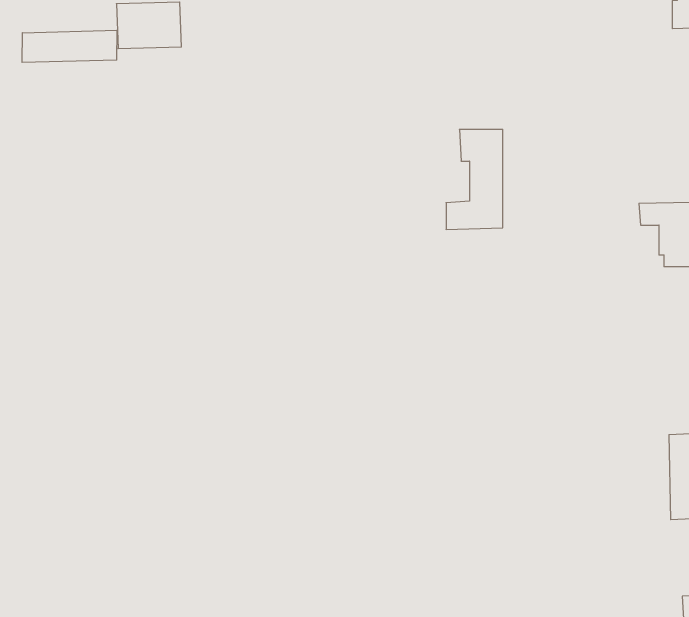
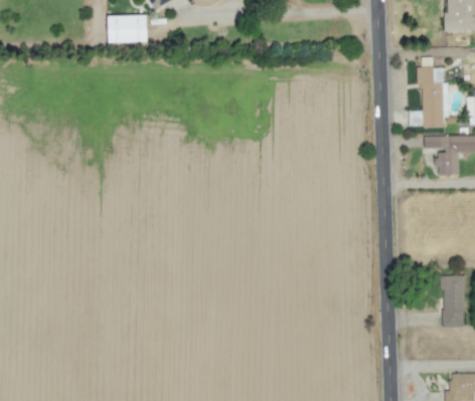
building: [22,30,117,62] -> none
building: [446,129,503,229] -> [409,66,443,127]

